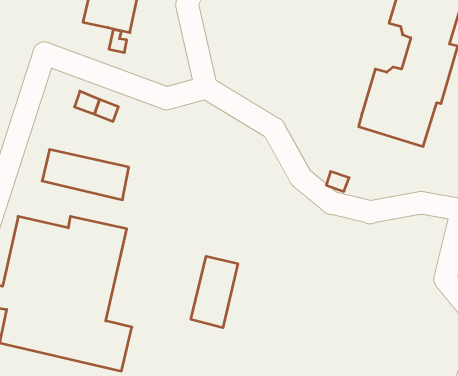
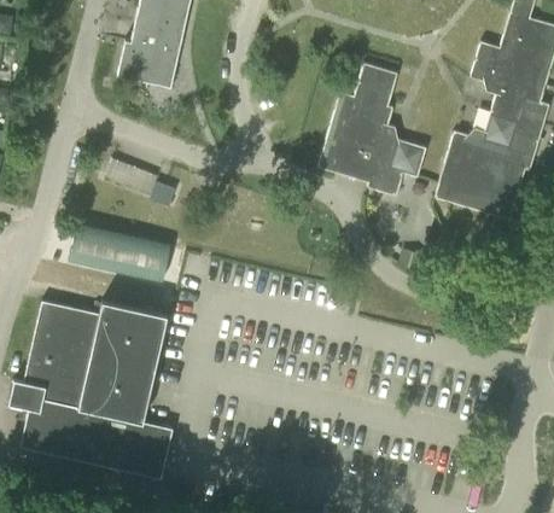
building: none -> [319,63,427,196]
building: [191,256,238,328] -> none

